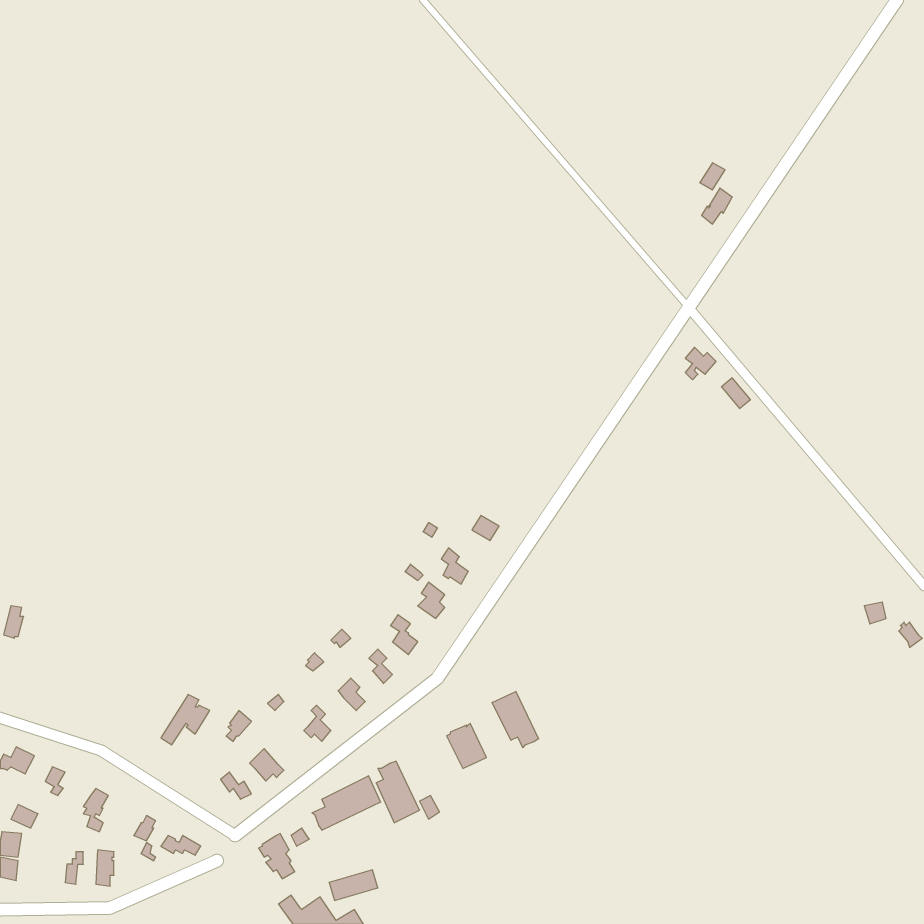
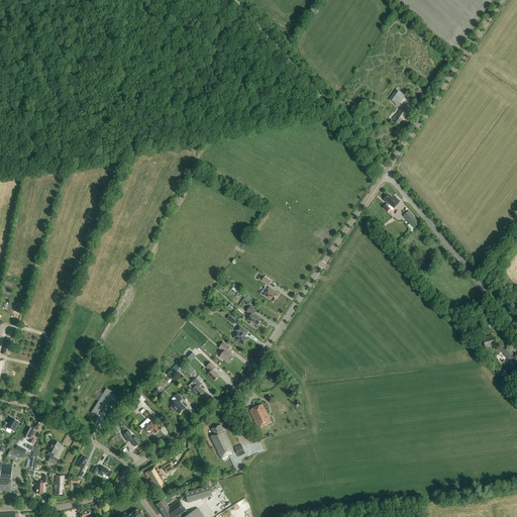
building: [492,691,538,748] -> none
building: [312,776,381,830] -> none

